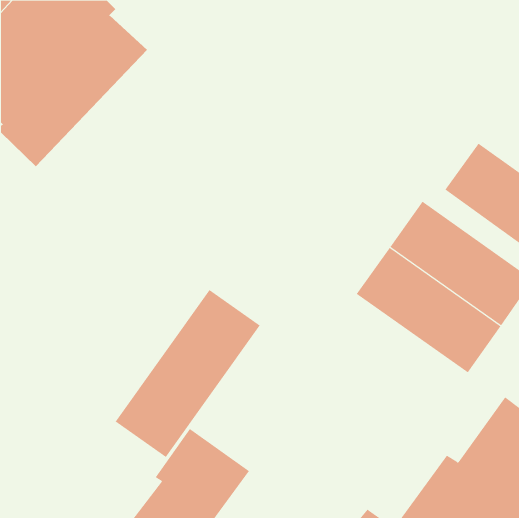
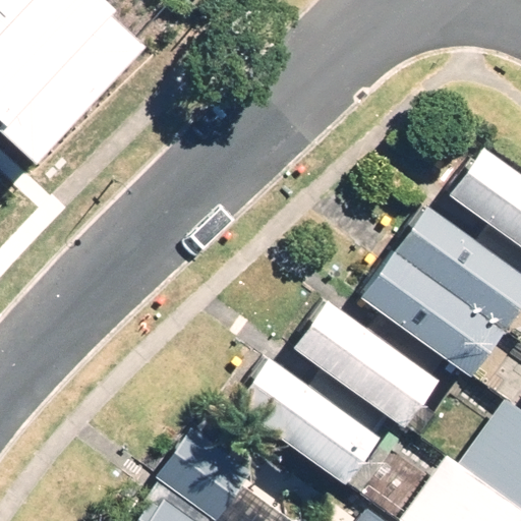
building: [115,289,261,458] -> none
building: none -> [290,299,437,426]
building: none -> [234,356,377,481]

